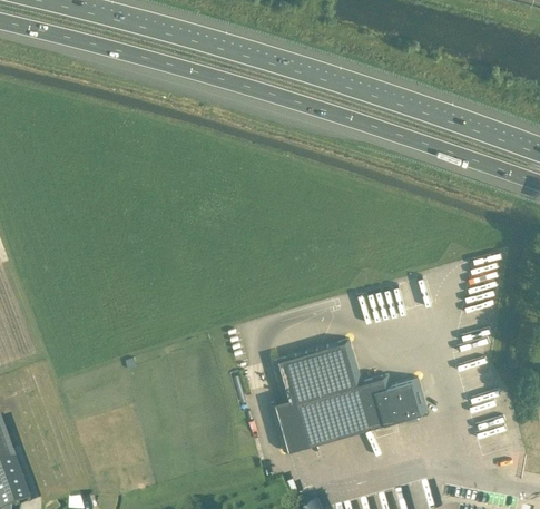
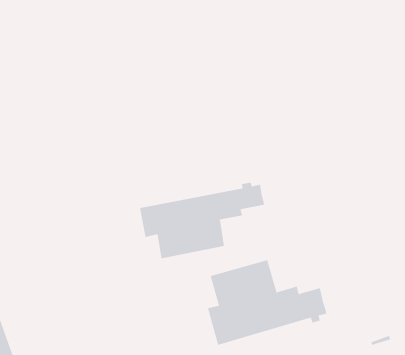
building: none -> [140,182,265,259]

